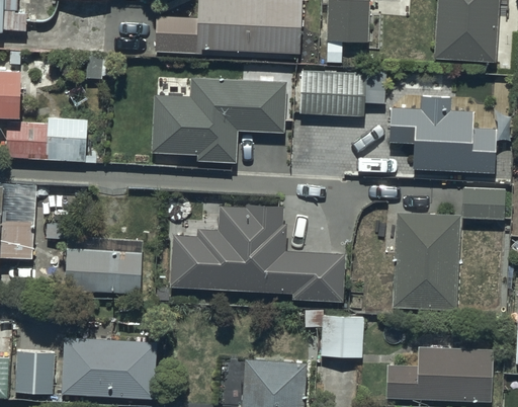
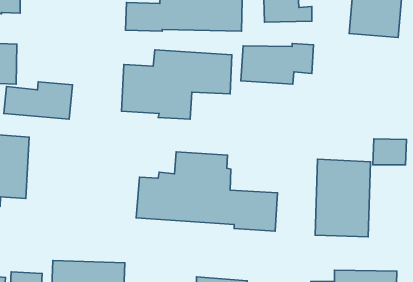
building: [390,95,499,175] -> none
building: [65,248,141,295] -> none
building: [319,318,362,360] -> none

